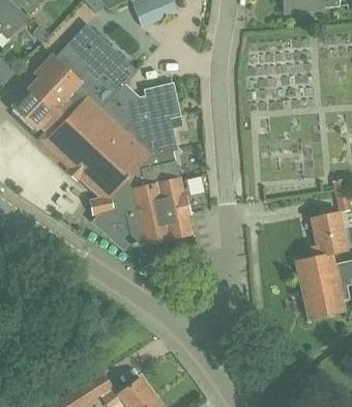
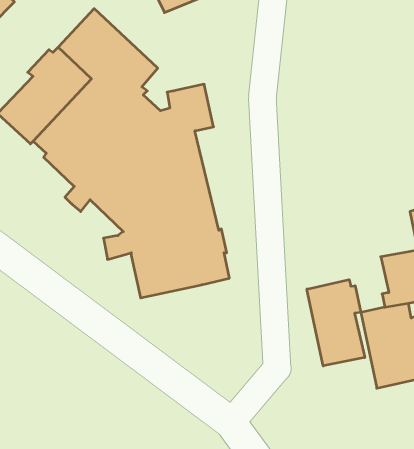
building: none -> [307,280,365,366]

